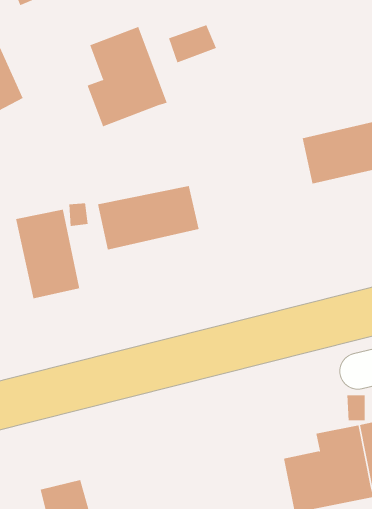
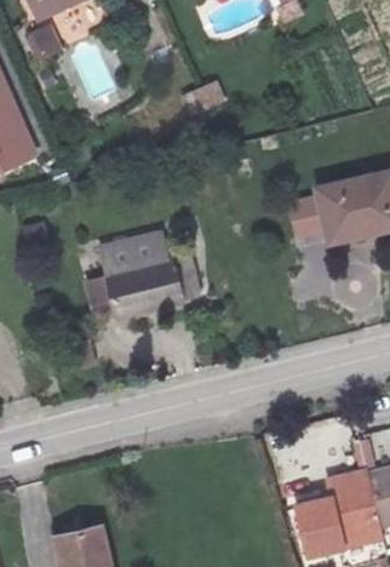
building: [87,26,168,127] -> none
building: [16,209,80,299] -> none

